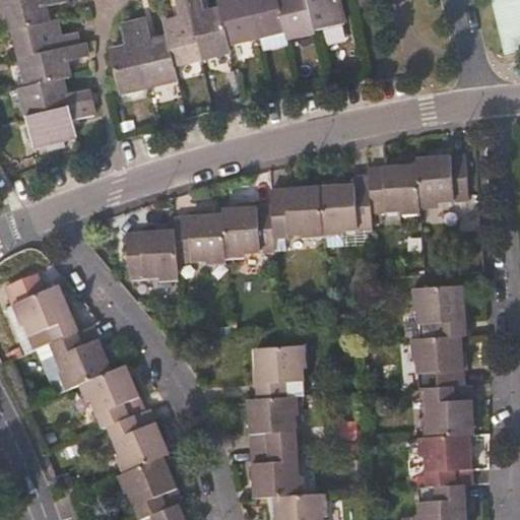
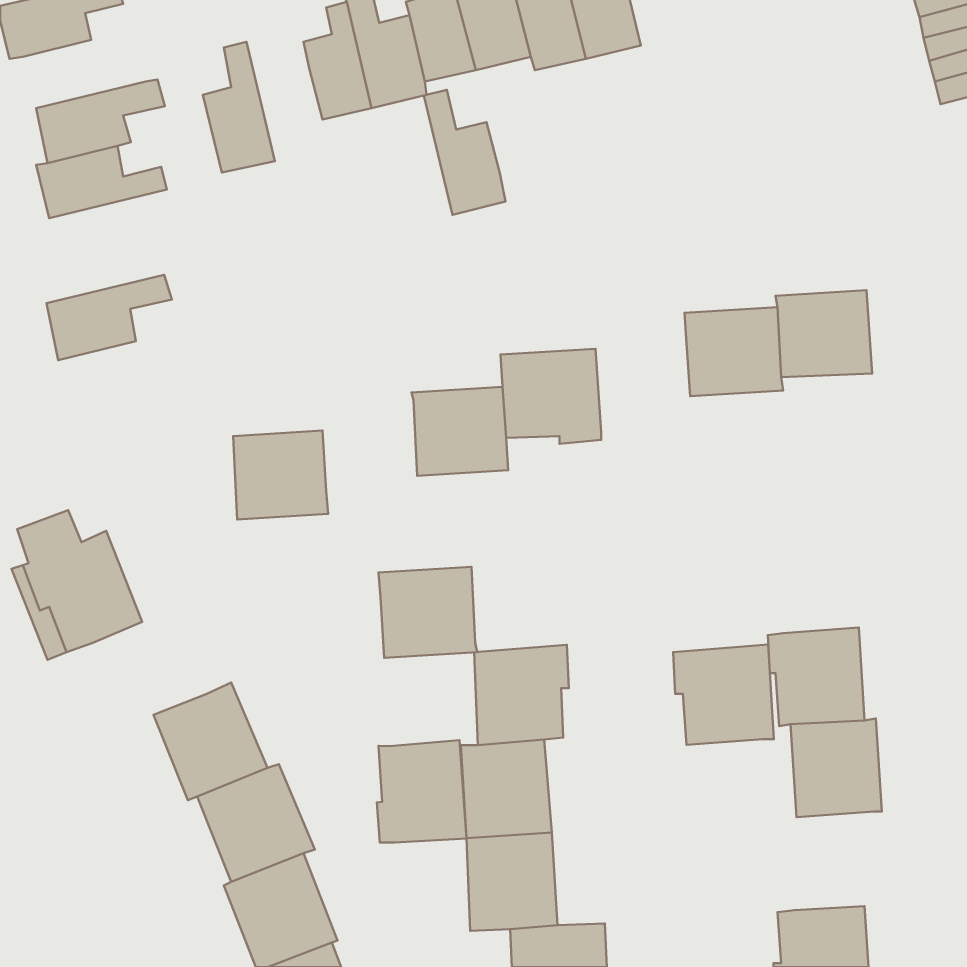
building: [133,19,177,86] -> [424,90,505,215]
building: [13,20,79,58] -> none
building: [27,102,94,147] -> [47,275,172,360]
building: [320,184,372,232] -> none
building: [173,214,225,263] -> [378,567,477,658]
building: [413,285,467,339] -> [673,644,774,745]
building: [51,326,112,389] -> none
building: none -> [377,740,466,843]
building: [424,435,472,488] -> none

